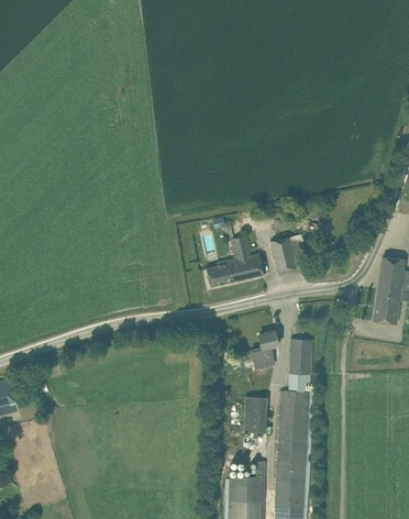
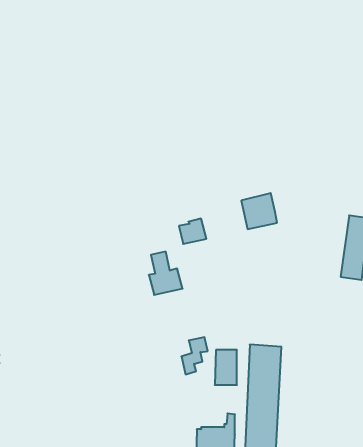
building: [229,235,264,280] -> [149,252,183,295]
building: [251,331,278,369] -> [181,337,208,374]
building: [289,338,312,374] -> none

